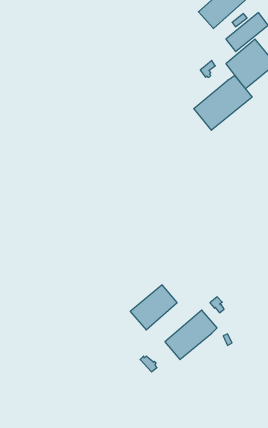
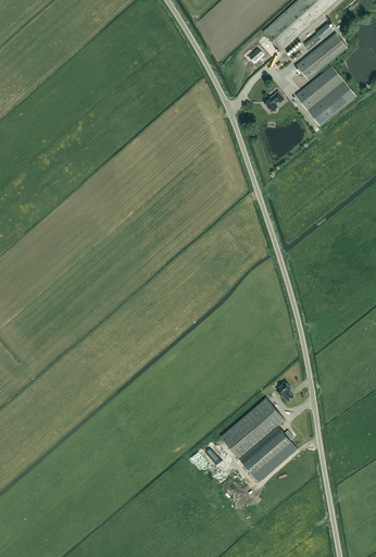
building: [194,75,252,130] -> none
building: [130,285,177,330] -> [239,425,297,481]

